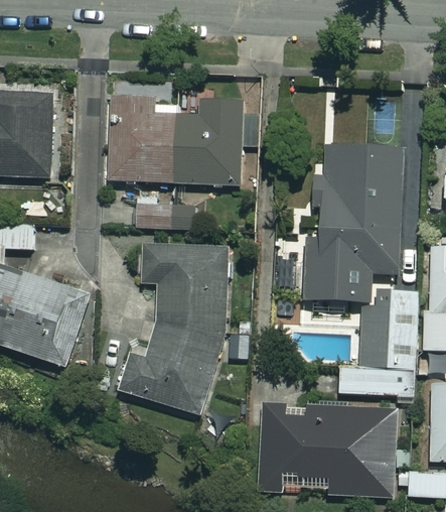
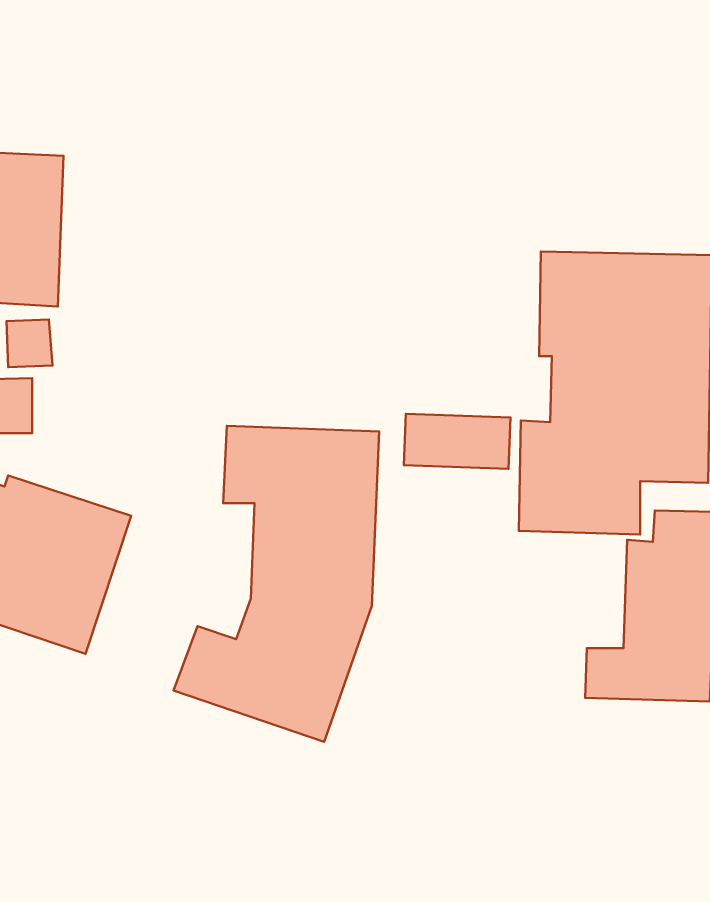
building: [108,97,259,185] -> none
building: [137,198,195,228] -> [404,414,510,469]
building: [259,399,395,496] -> none

